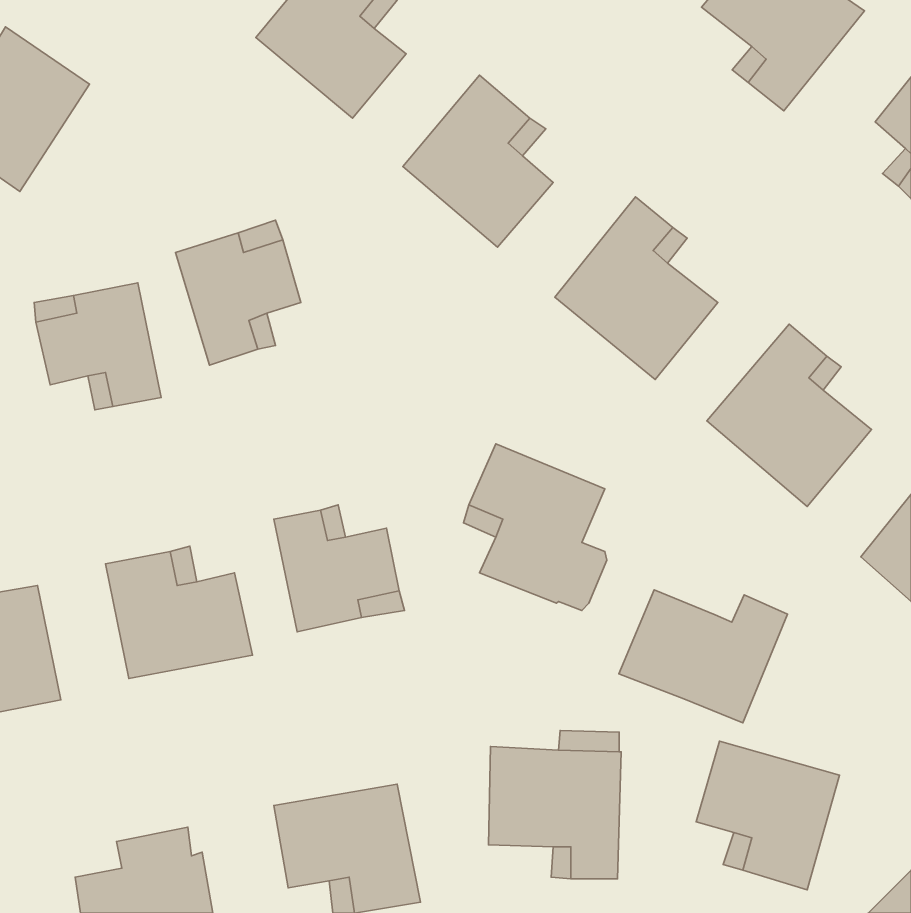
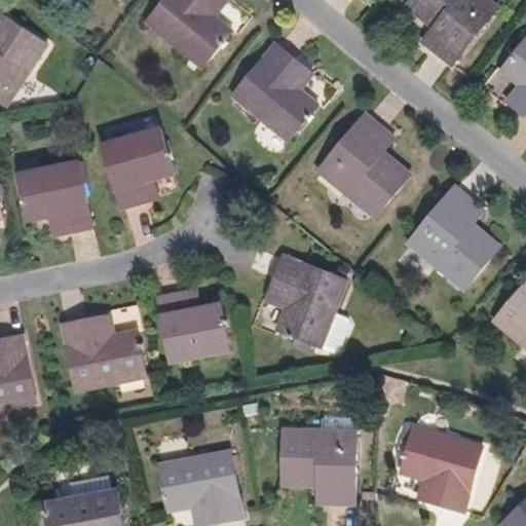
building: [619,590,788,723] -> none

